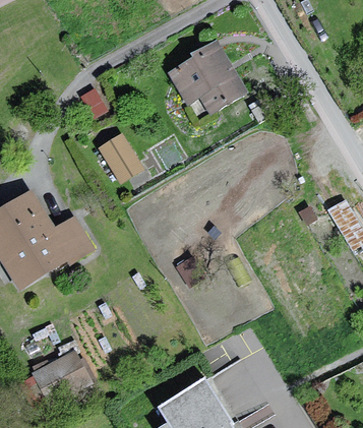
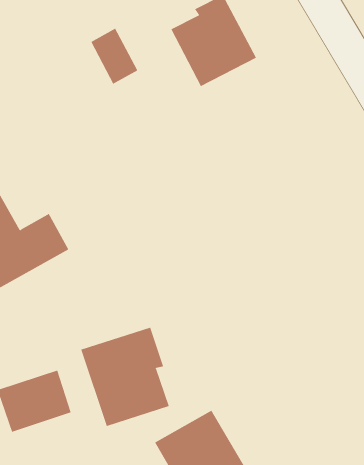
building: [101,135,139,181] -> [90,28,138,84]
building: none -> [80,327,169,427]

